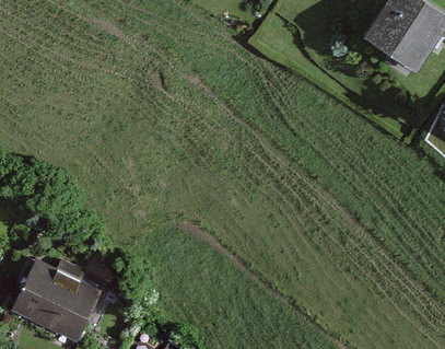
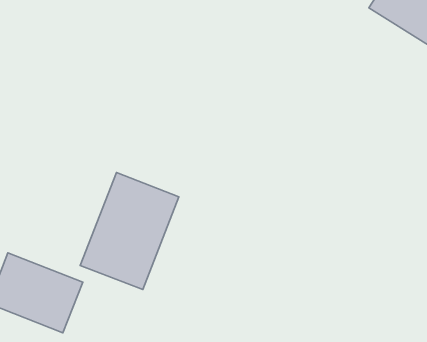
building: none -> [80,173,179,290]

